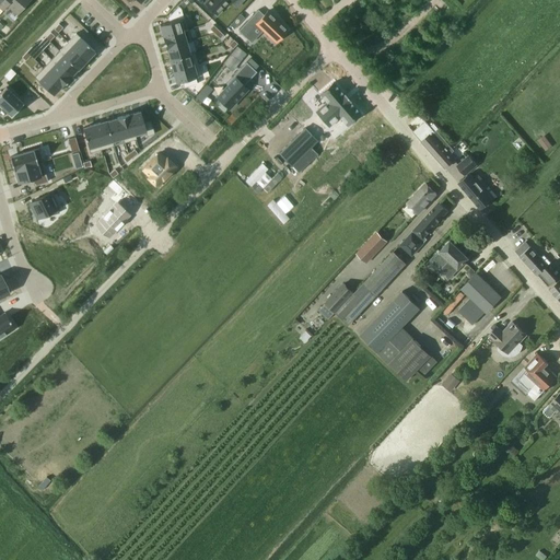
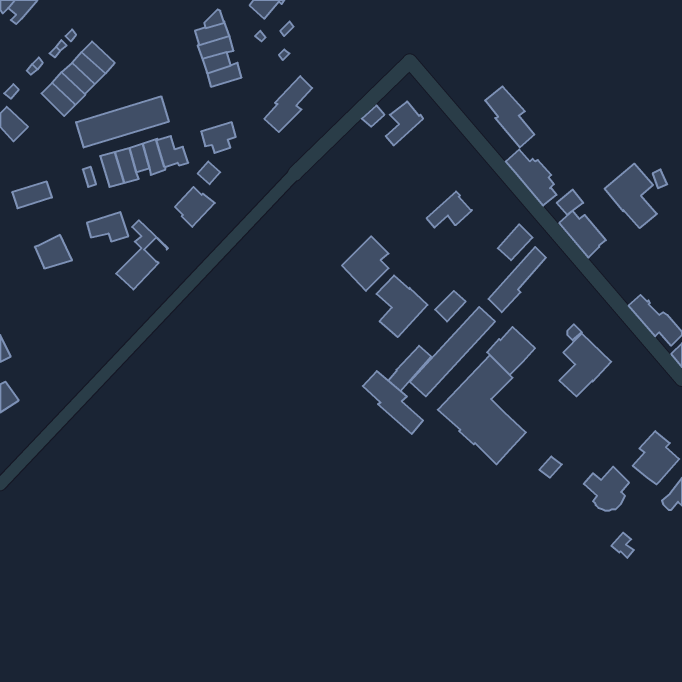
building: [238,10,288,43] -> none
building: [173,63,201,89] -> [201,122,236,153]
building: none -> [485,86,534,147]
building: none -> [76,96,169,148]
building: [323,97,360,127] -> [427,191,472,228]
building: [279,128,317,173] -> [342,236,389,291]
building: none -> [605,164,657,228]
building: [14,162,48,186] -> [87,212,128,241]
building: none -> [376,275,428,337]
building: [429,241,468,280] -> [487,327,535,375]
building: none -> [363,371,423,434]
building: [489,322,526,358] -> [584,467,629,511]

